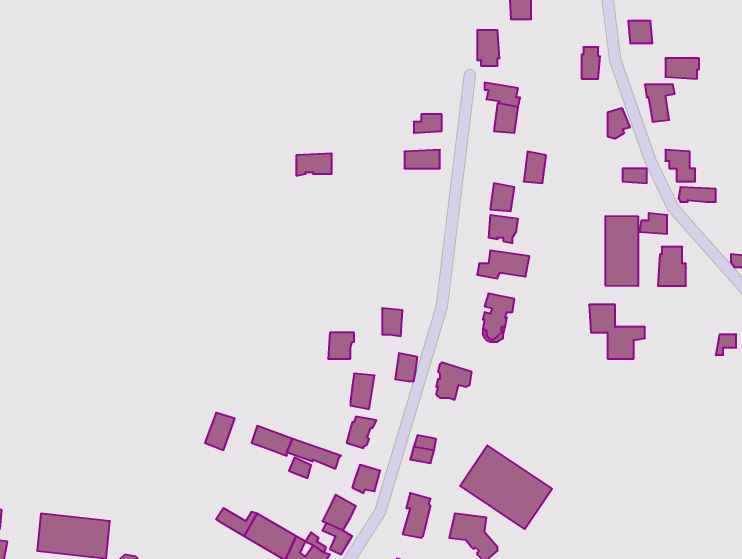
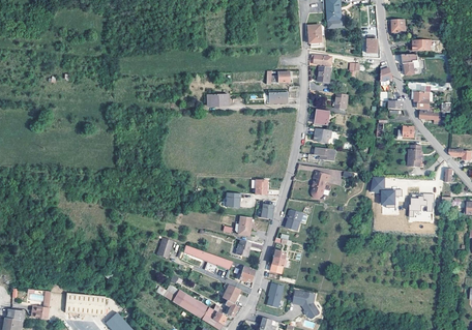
building: [606,216,638,286] -> none
building: none -> [409,194,433,222]
building: [460,445,552,529] -> none

